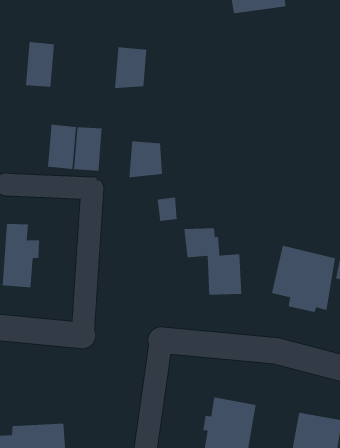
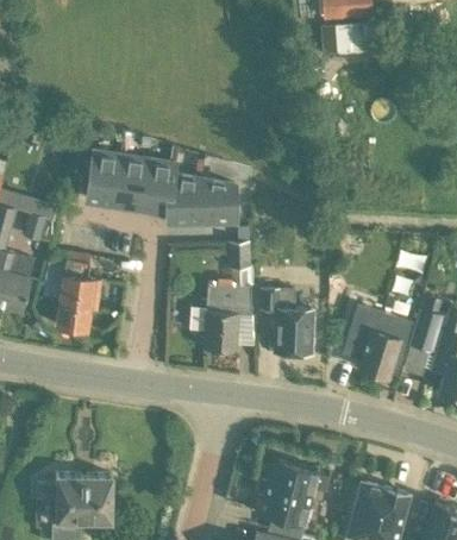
building: [114,37,147,89] -> [168,167,206,221]
building: [25,42,55,87] -> [87,153,121,203]
building: none -> [190,282,252,351]

